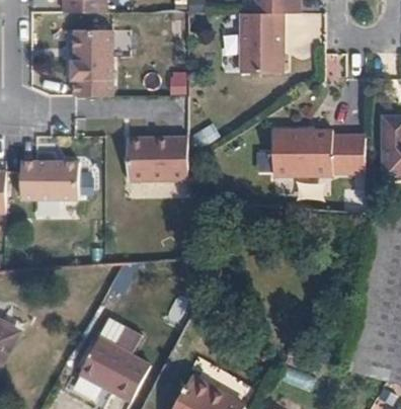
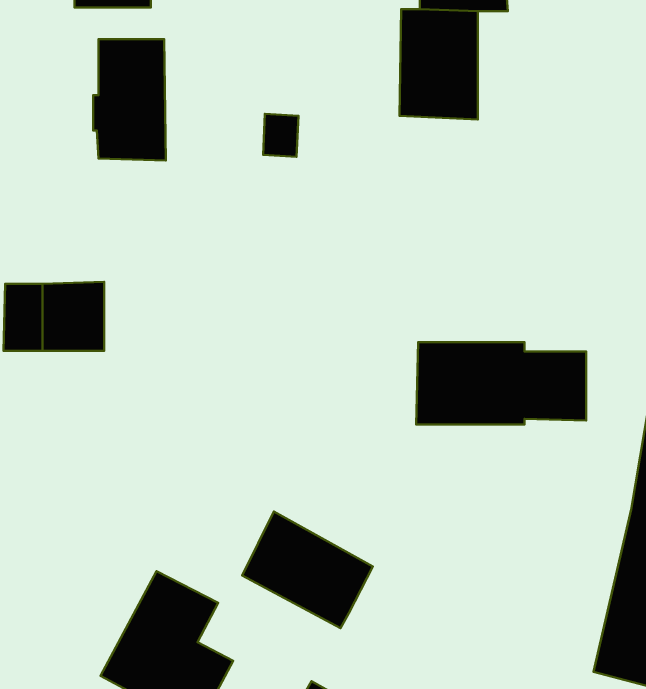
building: [274,130,367,174] -> [416,342,586,424]
building: [127,134,186,179] -> none
building: none -> [242,511,373,628]

